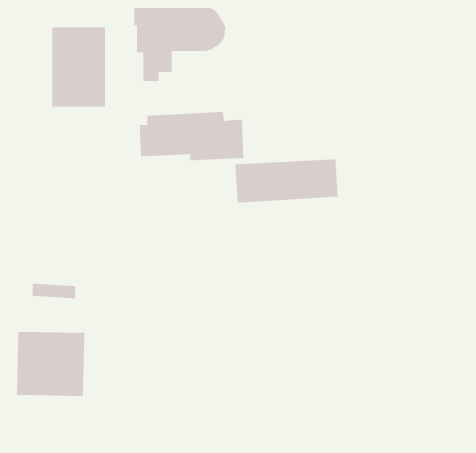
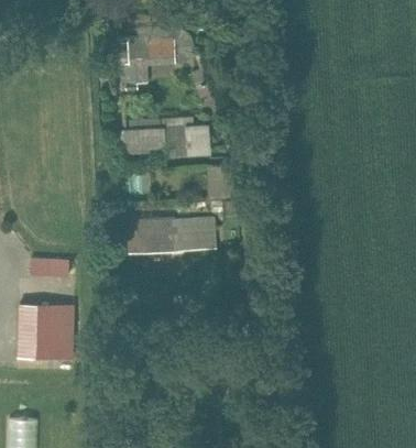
building: [52,27,105,108] -> none
building: [234,159,339,203] -> [127,217,215,254]

